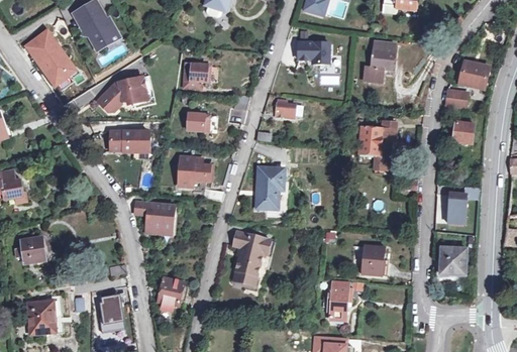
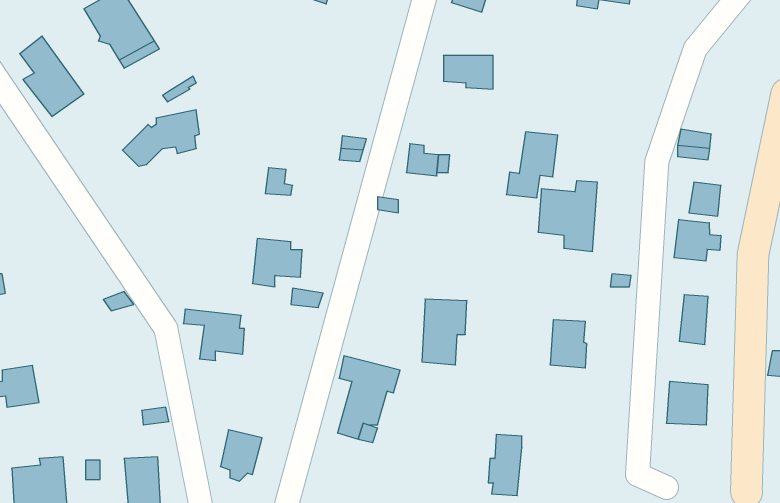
building: [363,41,395,83] -> [506,132,558,198]
building: [458,61,489,89] -> none
building: [184,62,211,88] -> none
building: [109,132,148,151] -> none
building: none -> [674,219,721,261]
building: [256,167,285,209] -> [422,299,467,365]
building: [363,245,386,275] -> [550,320,587,368]

